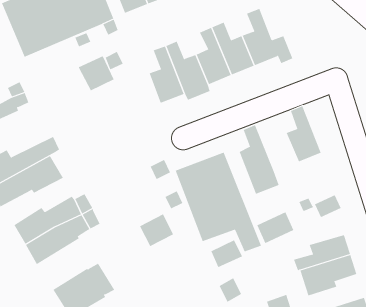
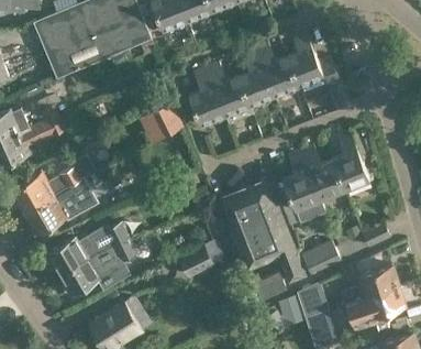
building: [78,56,115,91] -> [145,102,184,140]
building: none -> [300,144,345,199]
building: none -> [297,281,329,317]

